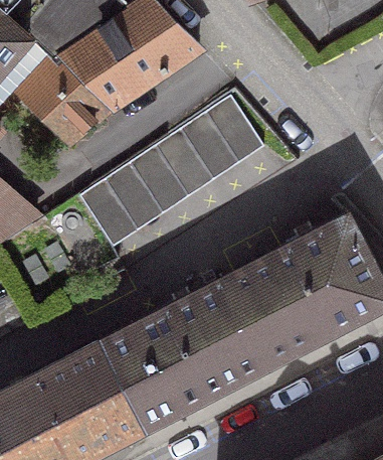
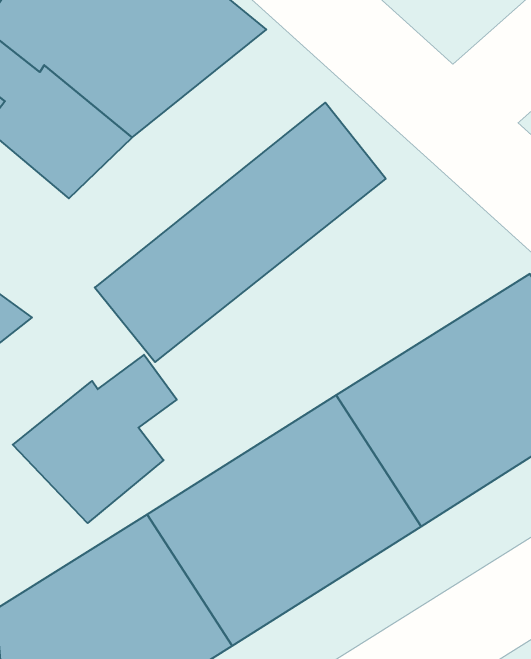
building: none -> [13,355,177,523]

